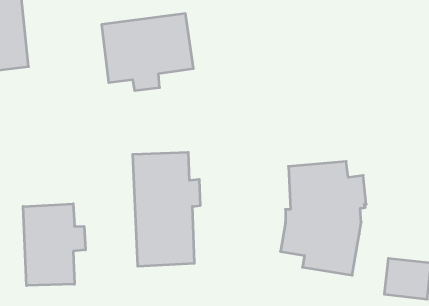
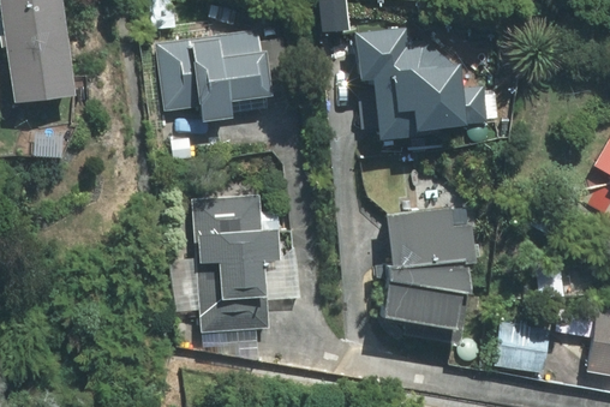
building: none -> [354,29,491,138]
building: [23,204,85,286] -> none

